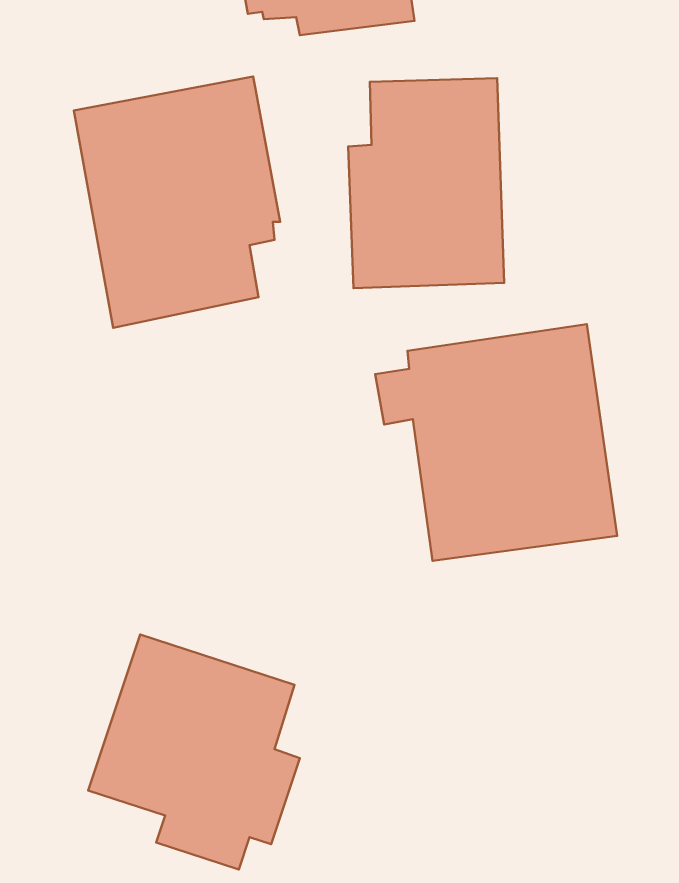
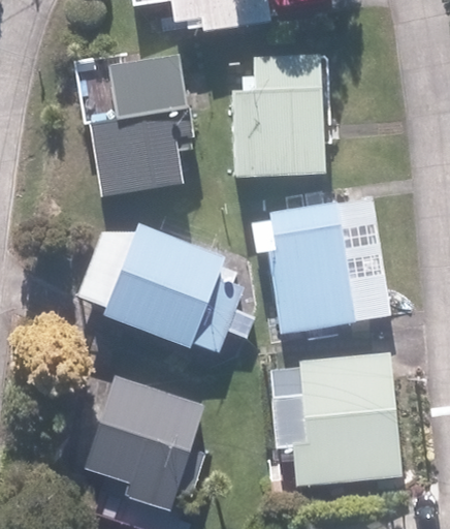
building: none -> [76,223,252,351]
building: none -> [292,356,399,485]

